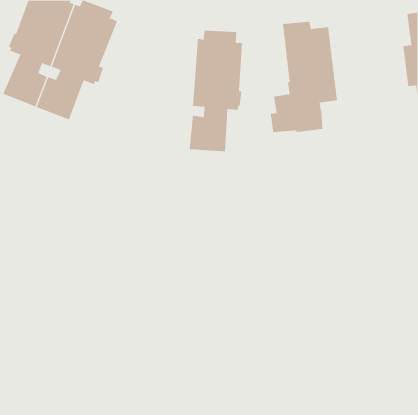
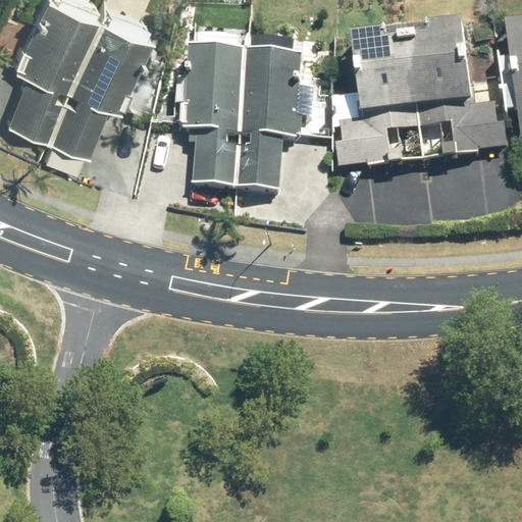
building: none -> [410,20,508,160]
building: none -> [181,38,246,190]

